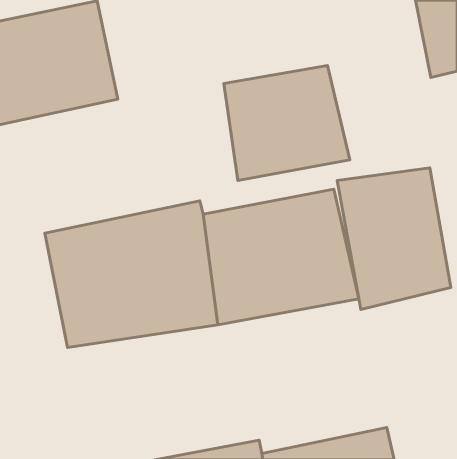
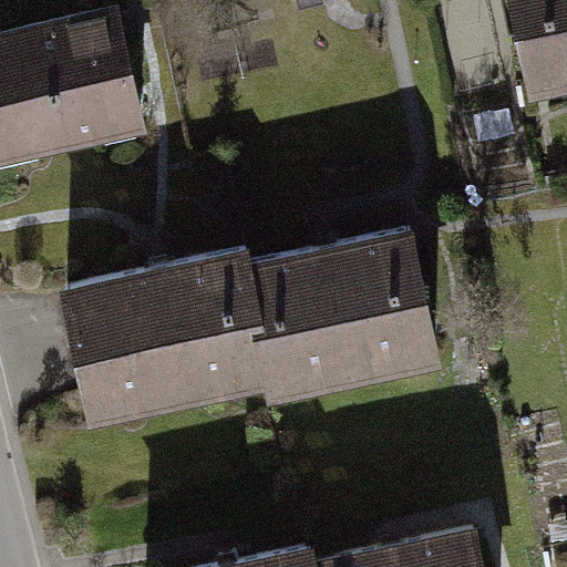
building: [224,65,350,181] -> none
building: [337,168,451,310] -> none

